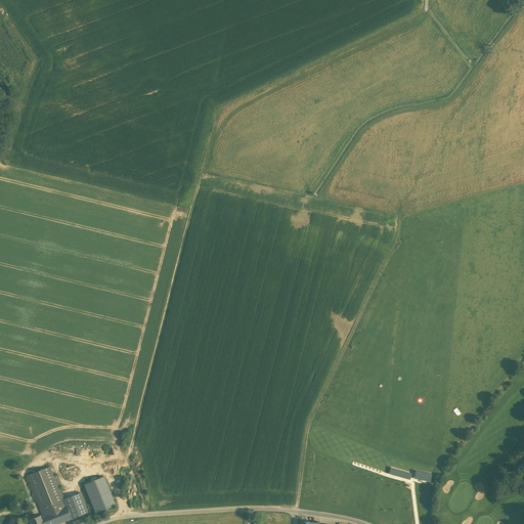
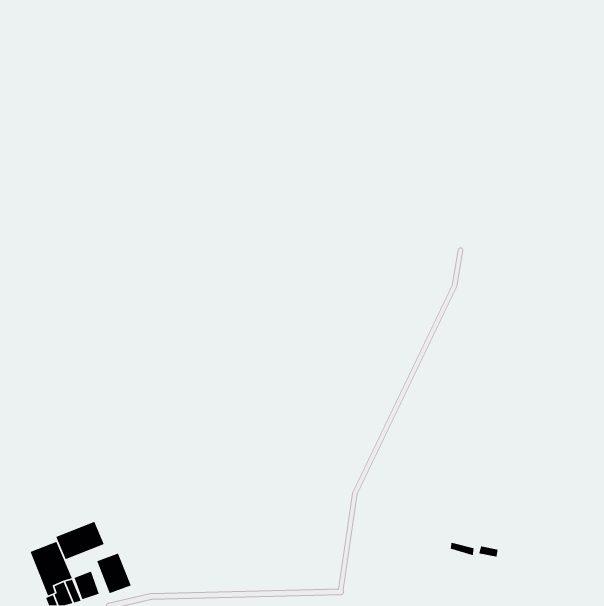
building: none -> [55,521,105,560]

